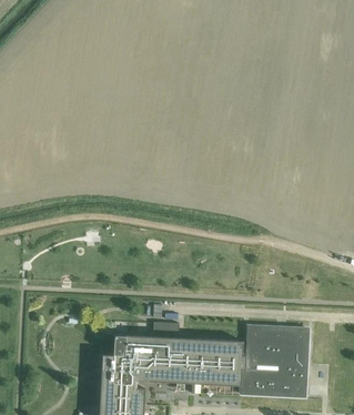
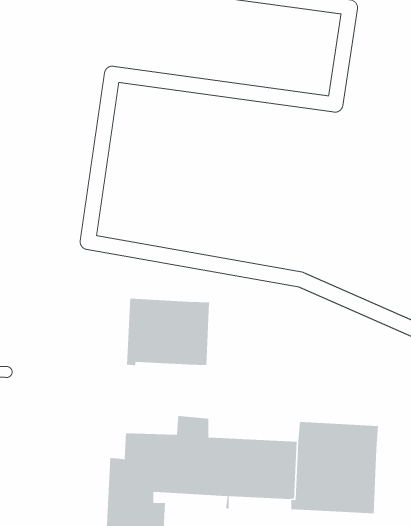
building: none -> [126,298,210,366]

